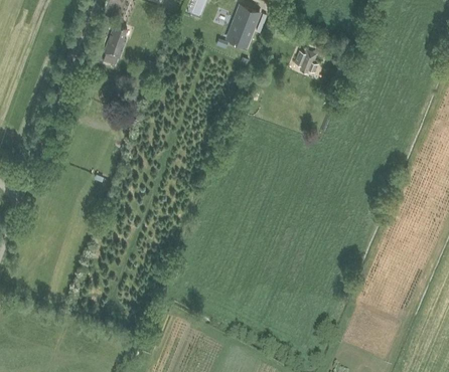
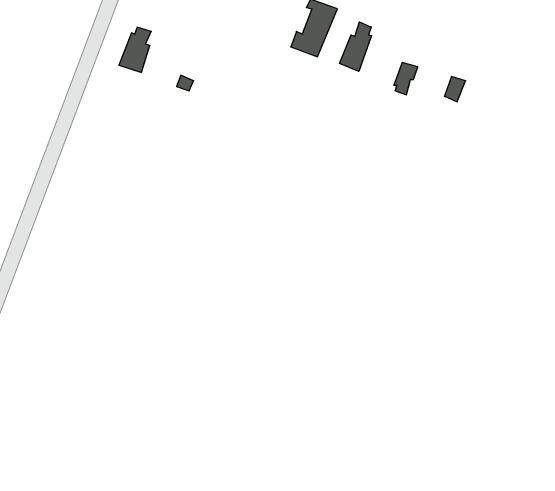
building: none -> [340,22,371,71]

